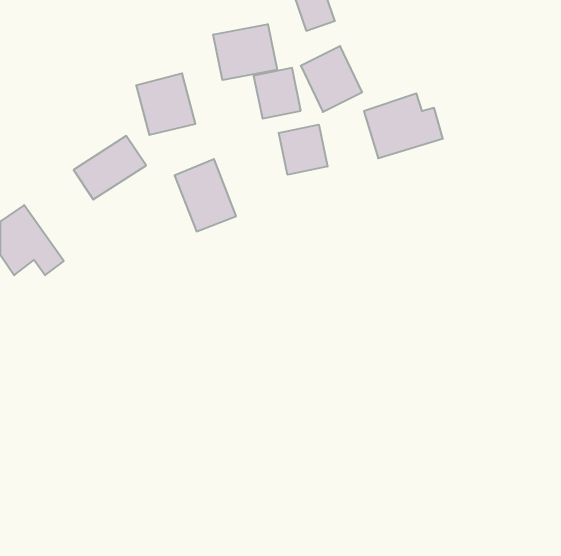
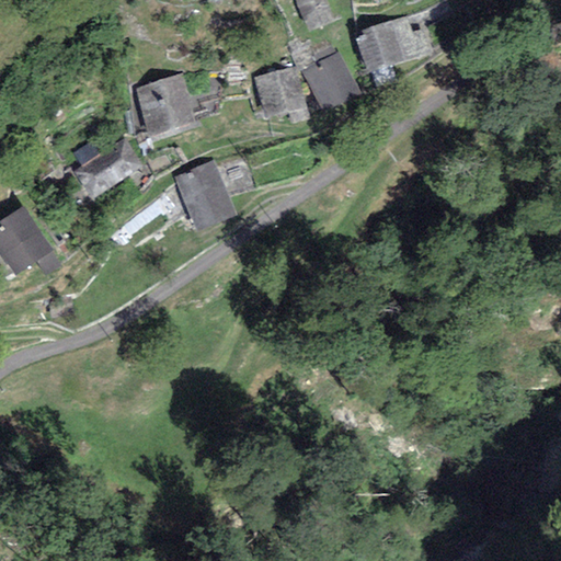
building: [213,24,277,80] -> none
building: [364,94,443,158] -> [353,11,432,76]
building: [279,125,328,175] -> none

